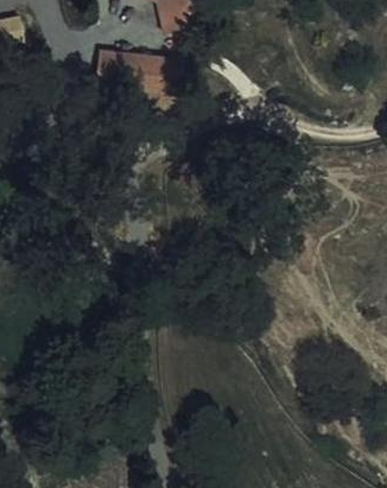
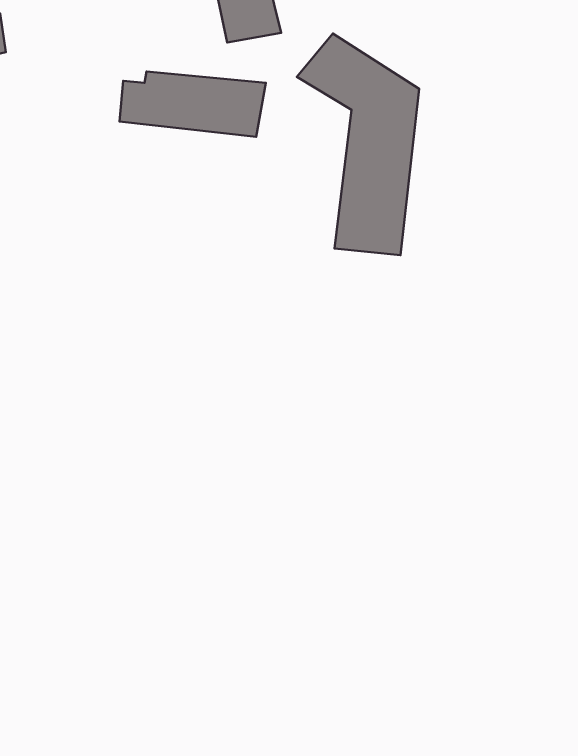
building: none -> [297,33,419,255]

